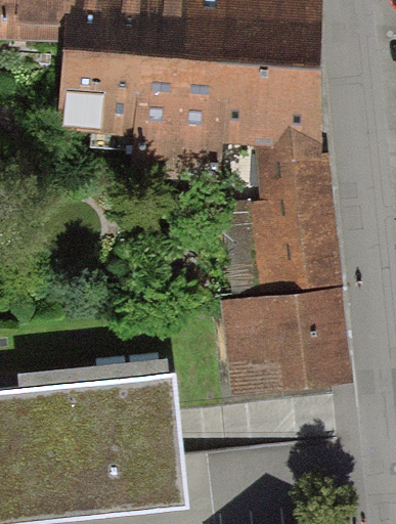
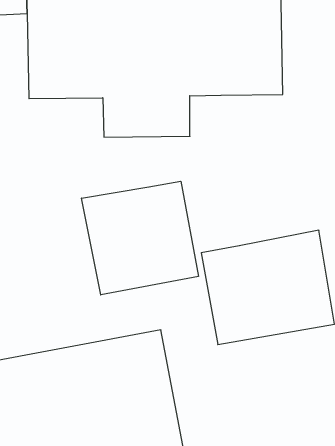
building: [249,140,341,294] -> none
building: none -> [82,181,198,295]

